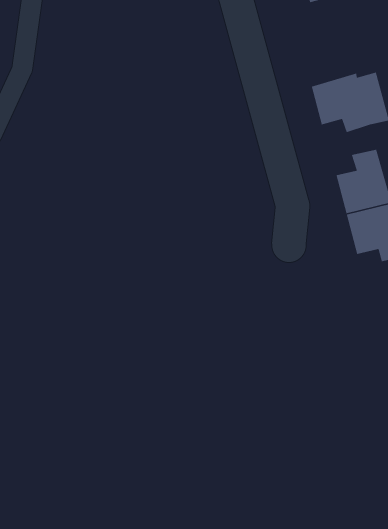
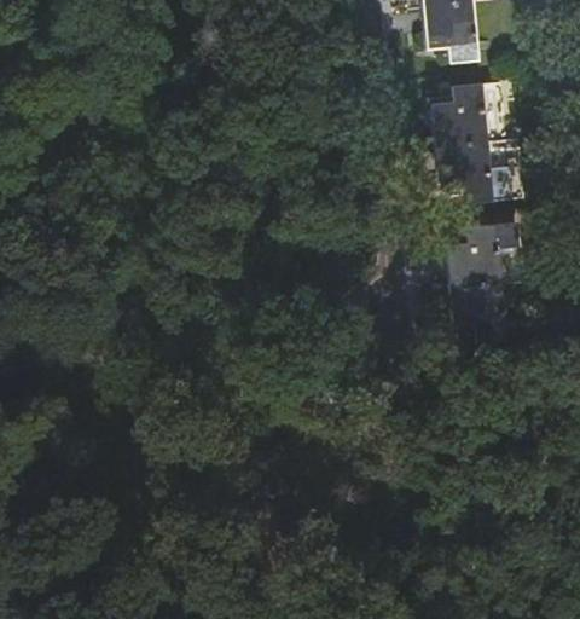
building: none -> [433,77,505,144]

